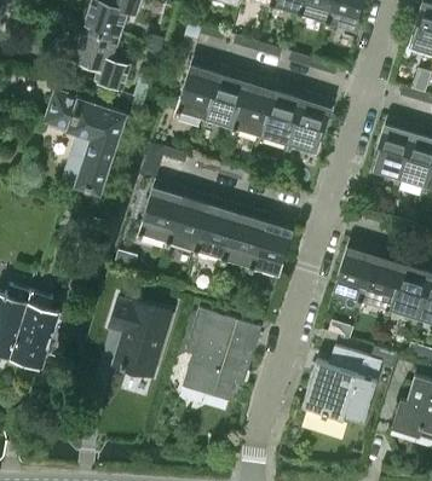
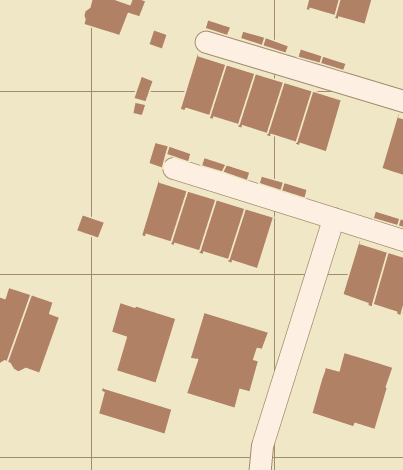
building: [73,31,129,91] -> none
building: [46,92,126,193] -> none
building: [249,218,295,277] -> none
building: none -> [98,387,172,434]

